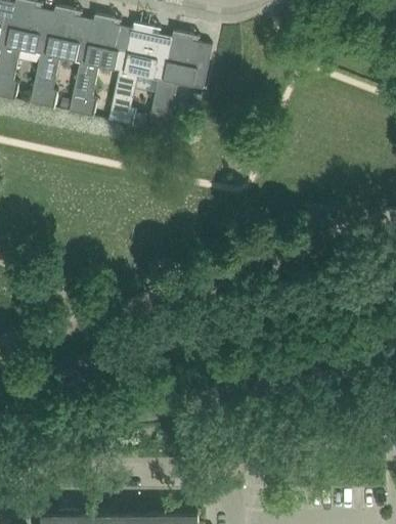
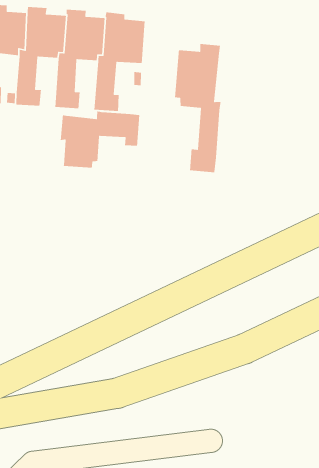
building: none -> [174,43,222,173]
building: none -> [60,110,140,169]

